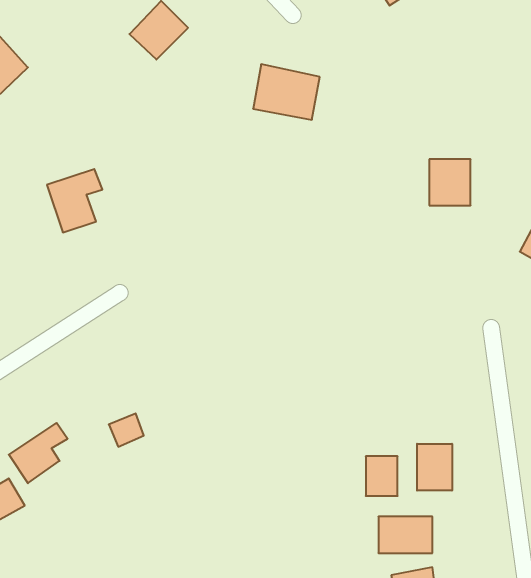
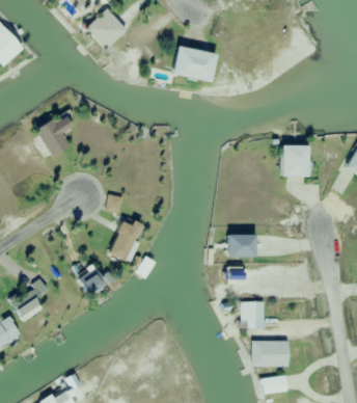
building: [429,159,471,205] -> [281,146,308,177]
building: none -> [109,217,144,263]
building: none -> [226,236,252,257]
building: [417,444,452,491] -> none

